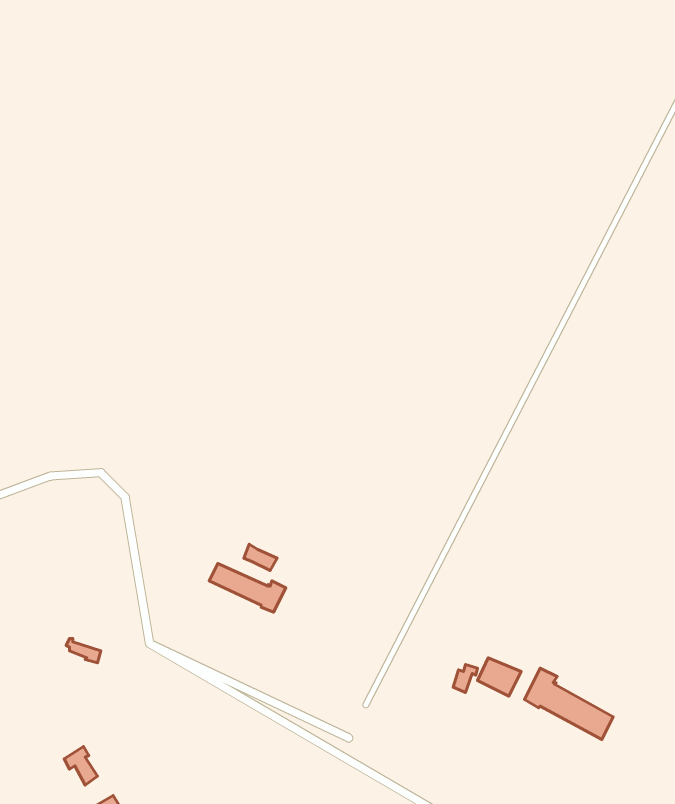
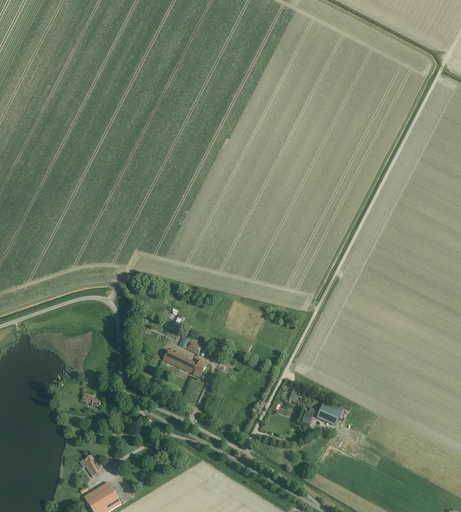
building: [524,668,613,739] -> none

